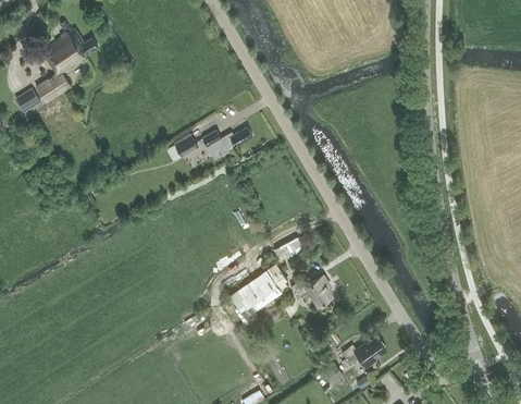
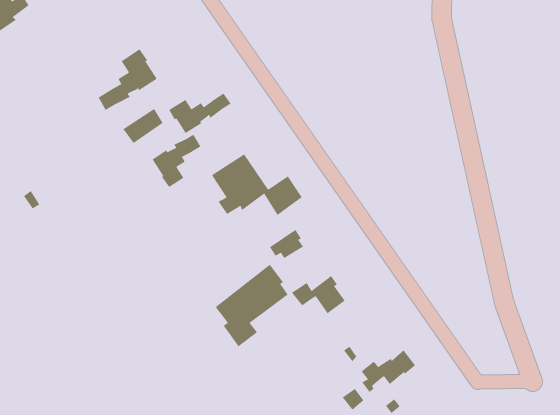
building: none -> [98,48,158,111]
building: none -> [152,134,201,188]
building: none -> [211,153,302,216]

